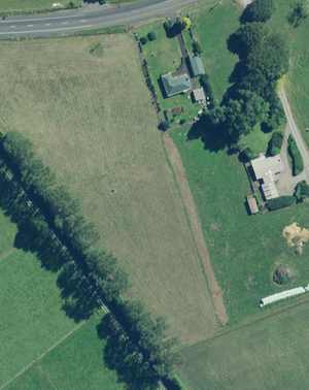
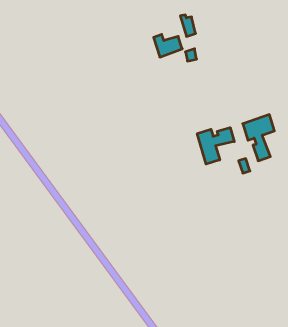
building: none -> [197,128,234,164]

